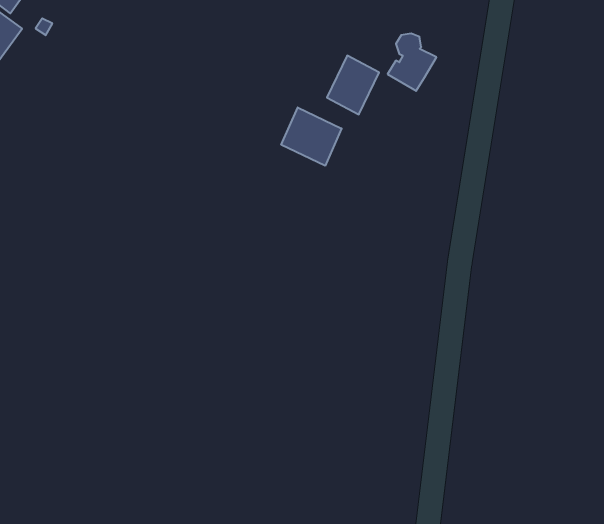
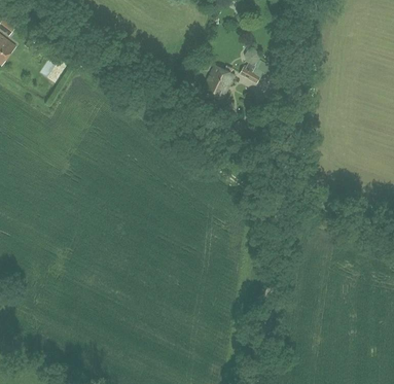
building: [281,107,342,166] -> none

